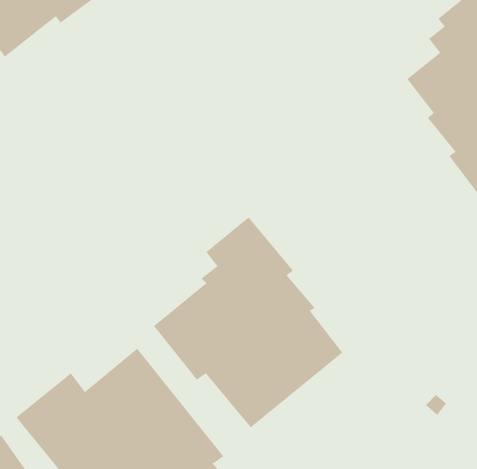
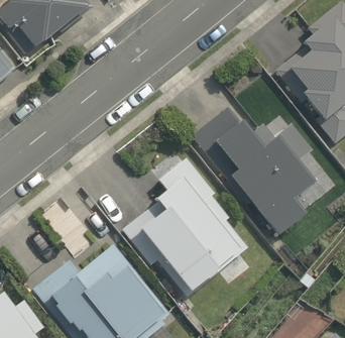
building: none -> [192,106,312,234]

